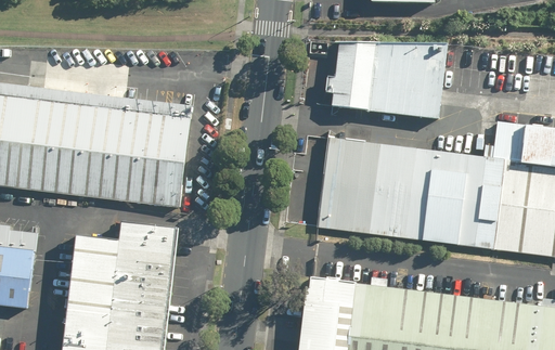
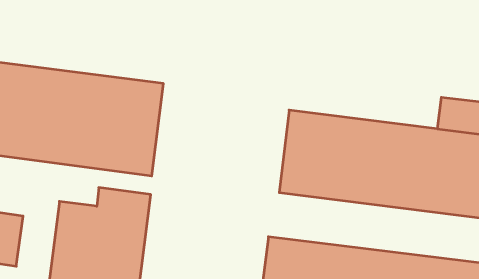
building: [331,42,447,119] -> none

